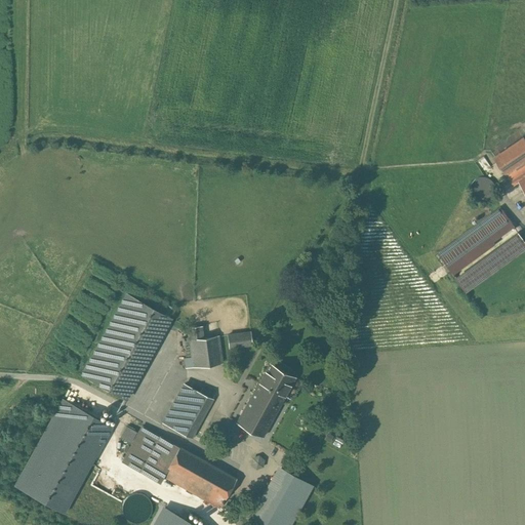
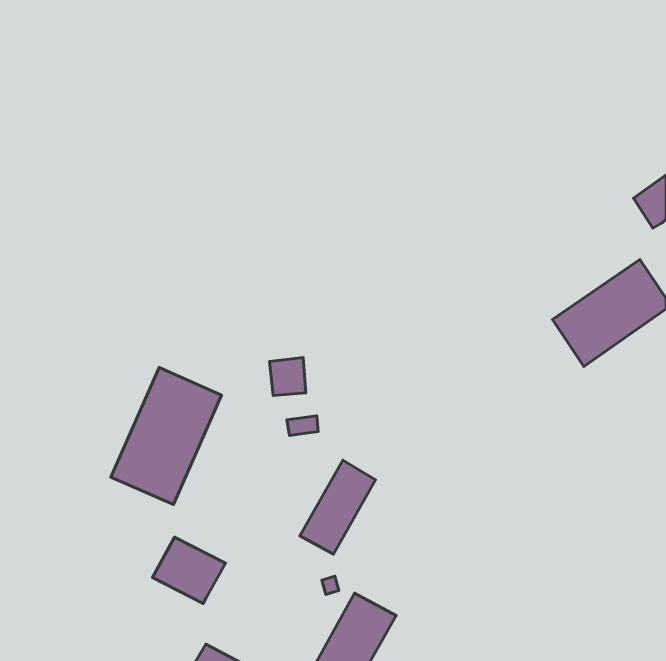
building: [192,334,220,364] -> [269,358,306,395]
building: [166,383,213,437] -> none
building: [14,404,112,517] -> none
building: [162,447,230,503] -> none

